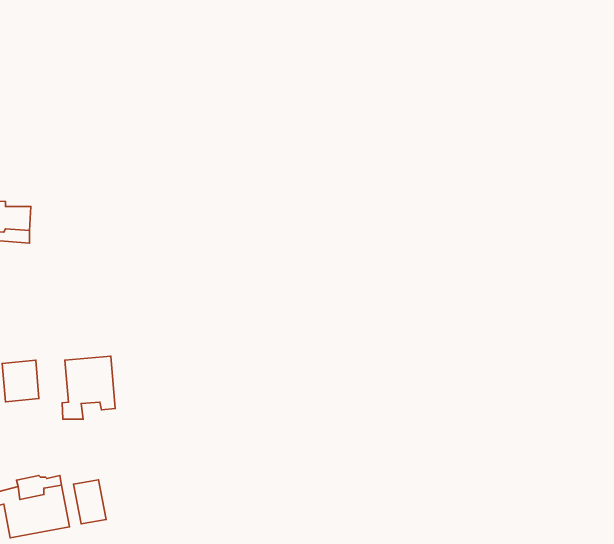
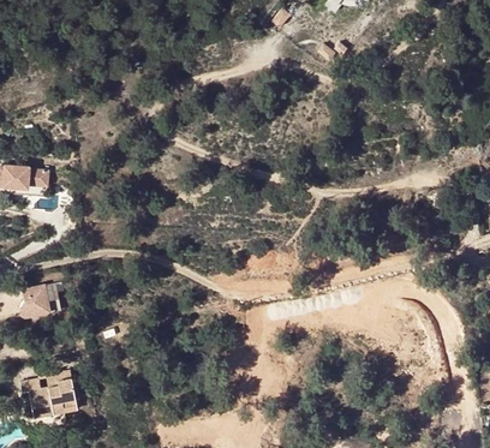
building: [62,356,115,419] -> none
building: [74,480,106,524] -> none

